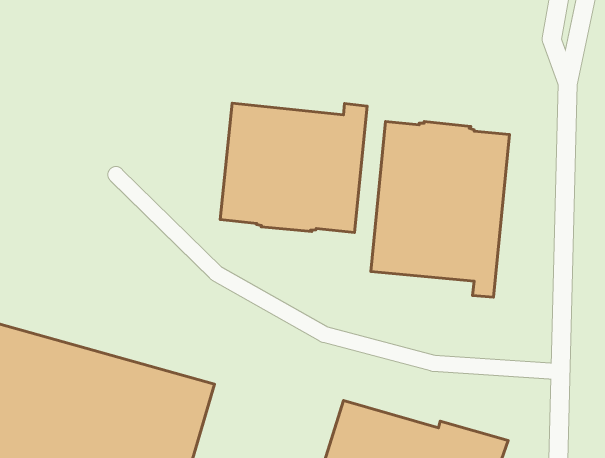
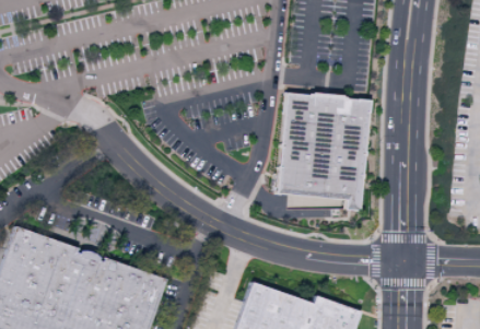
building: [220,103,367,232] -> none

